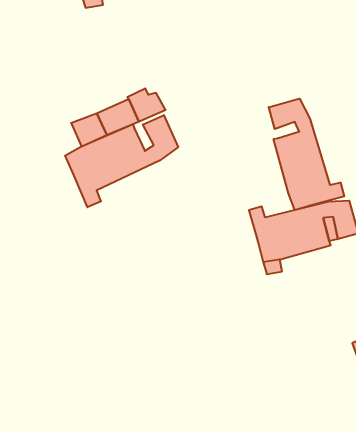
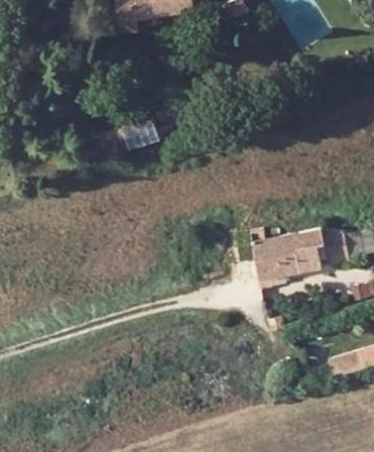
building: [269,99,344,210] -> none
building: [65,115,178,207] -> none

